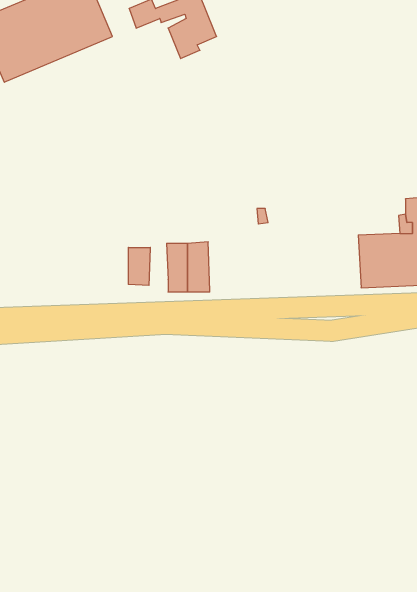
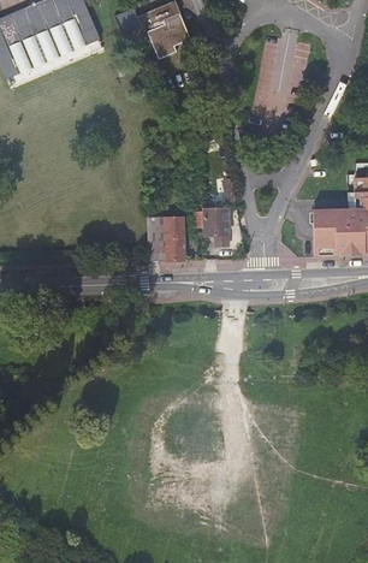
building: none -> [204,208,230,247]
building: [128,247,150,285] -> none

